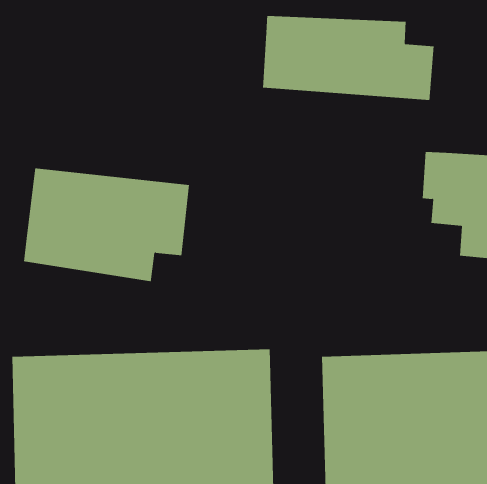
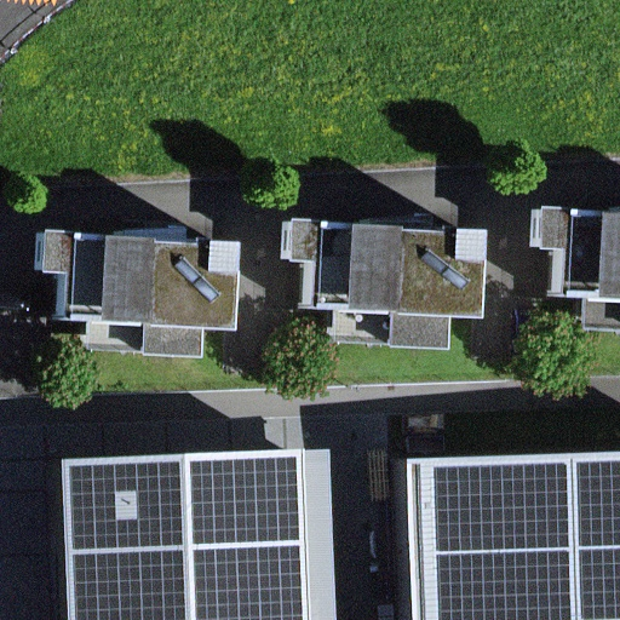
building: [263,15,434,101] -> none
building: none -> [281,213,494,351]

